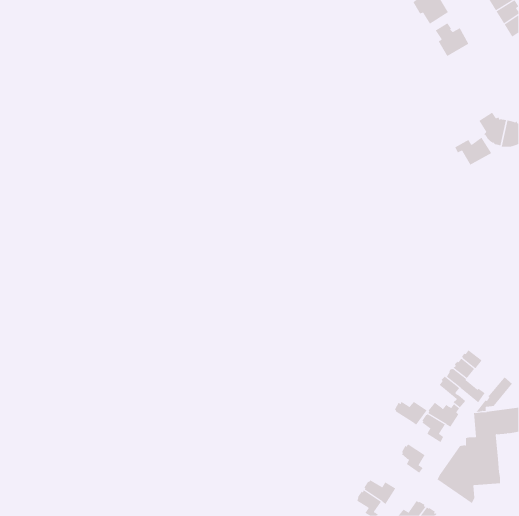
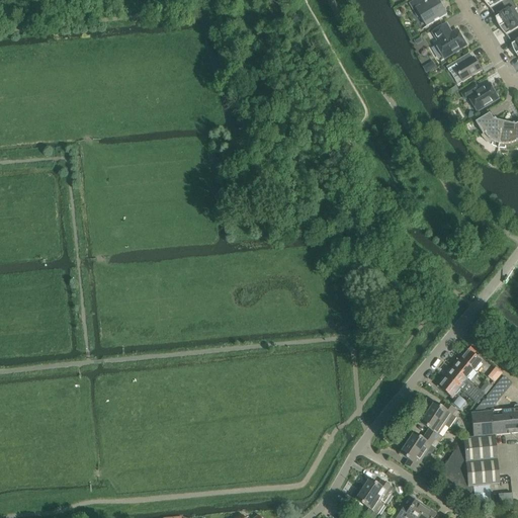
building: none -> [449,53,483,79]
building: [454,137,492,165] -> [462,81,500,109]
building: [394,401,428,426] -> [406,432,439,456]

